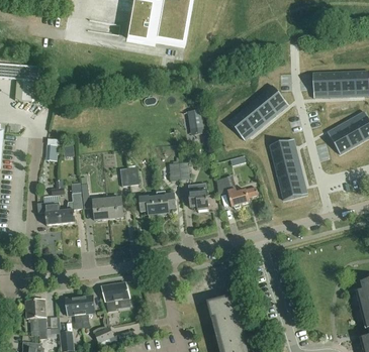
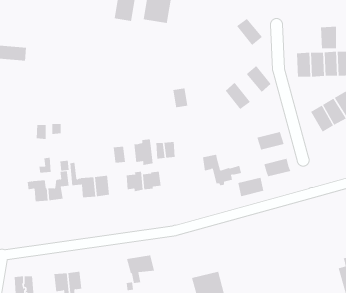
building: none -> [321,26,337,49]
building: [250,94,277,122] -> [236,18,263,46]
building: [227,111,255,140] -> none
building: [269,138,296,158] -> none
building: [276,165,303,186] -> [237,177,264,197]
building: [187,183,207,210] -> [134,139,153,165]
building: [100,281,129,311] -> [126,255,155,284]

